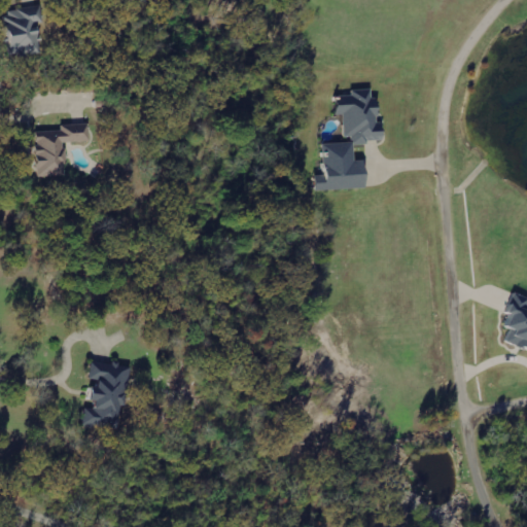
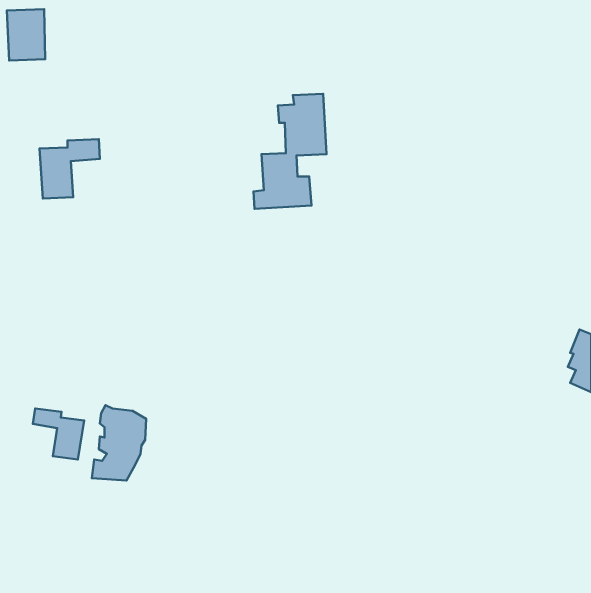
building: [315,89,380,190] -> [253,94,327,209]
building: none -> [33,409,84,459]

